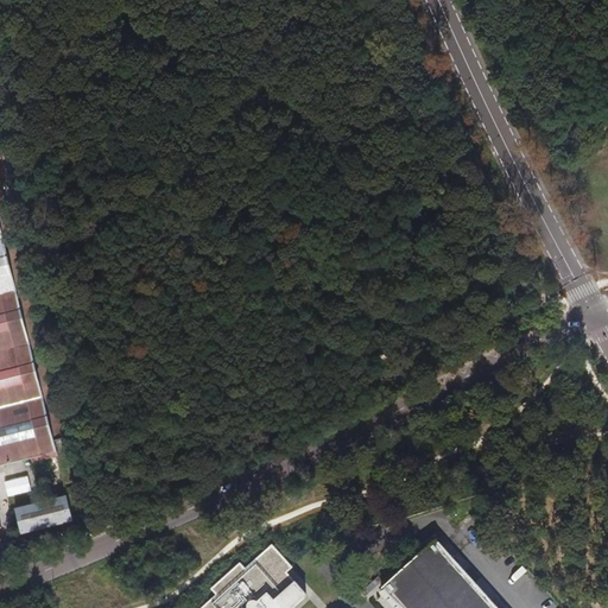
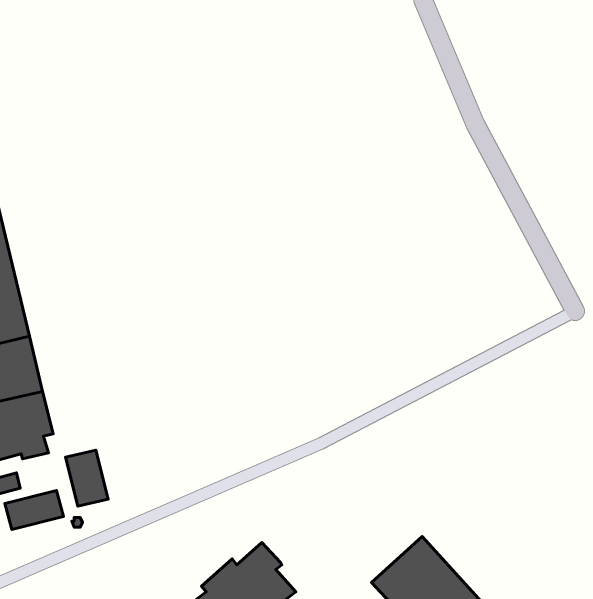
building: none -> [66,450,108,506]

